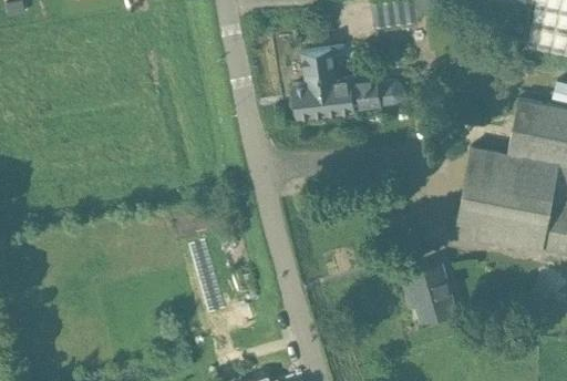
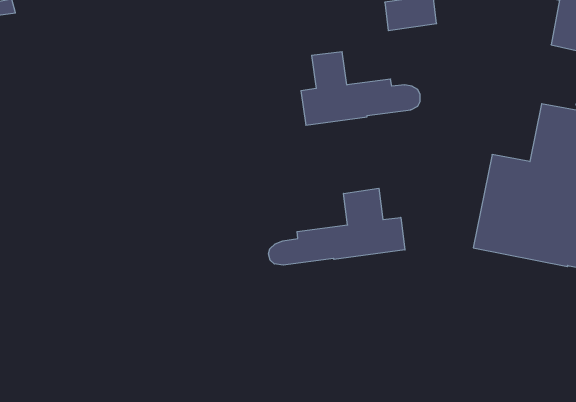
building: none -> [268,188,405,265]
building: [402,264,456,321] -> none

